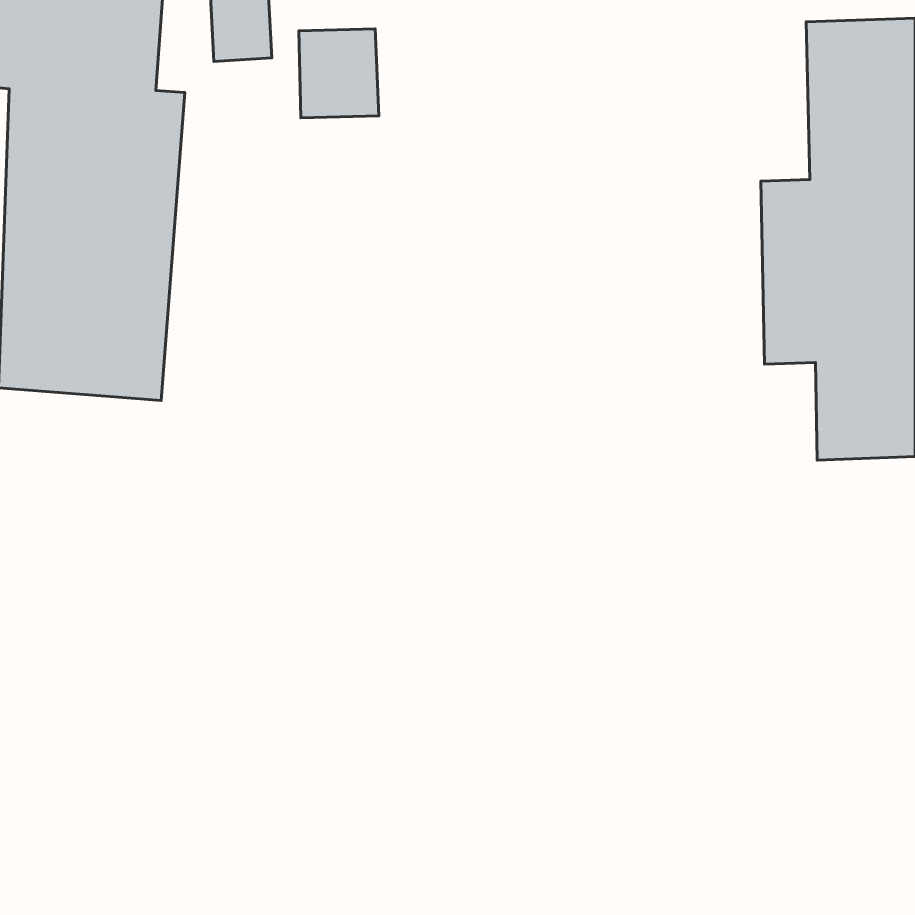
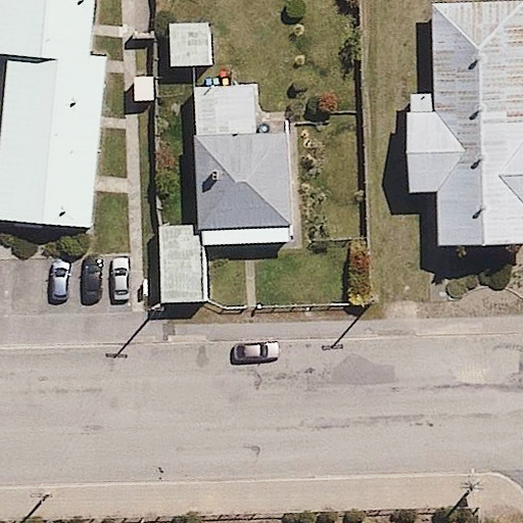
building: none -> [155,81,294,302]

